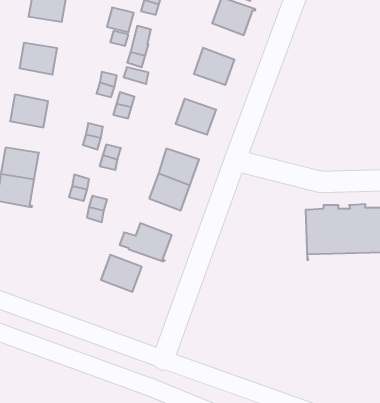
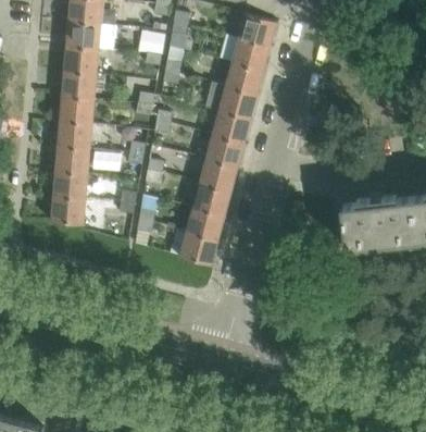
building: none -> [64,50,98,77]
building: none -> [231,41,268,74]
building: none -> [205,86,255,122]
building: none -> [60,99,93,127]
building: none -> [55,149,89,176]
building: none -> [205,138,242,170]
building: [101,255,142,292] -> [187,210,224,243]

